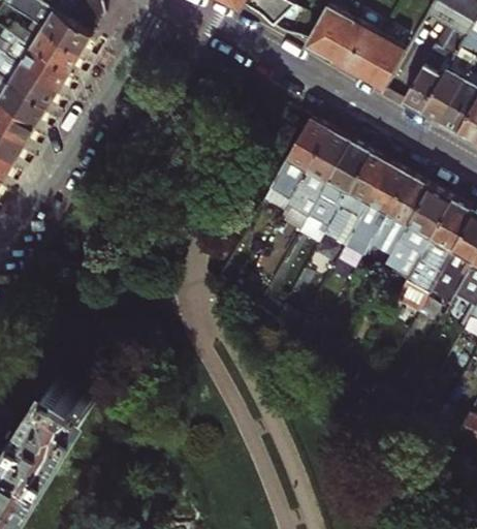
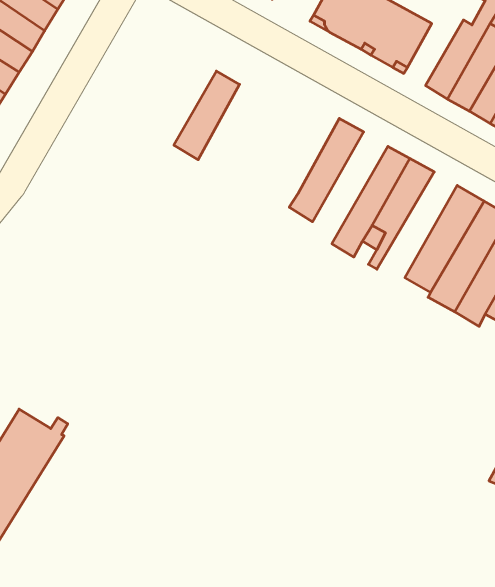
building: [273,118,328,193] -> [174,71,240,160]
building: [306,141,370,236] -> none
building: [360,175,428,269] -> none

